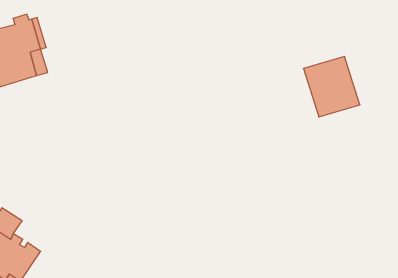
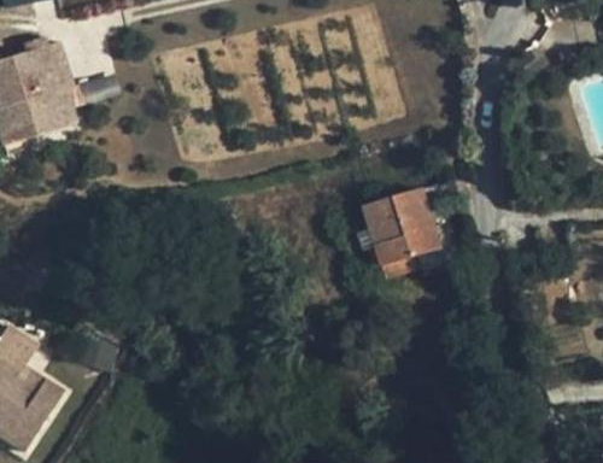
building: [303,56,360,117] -> [361,188,445,279]

